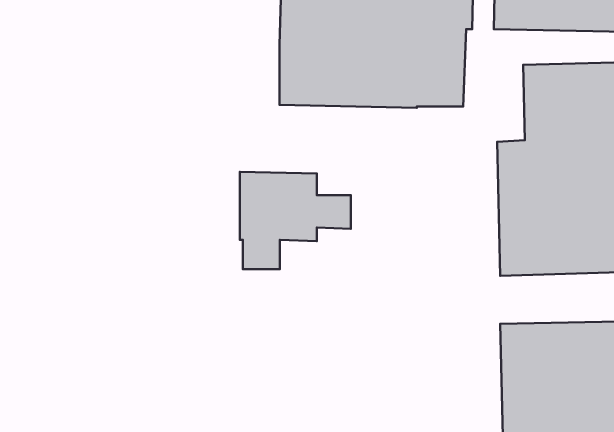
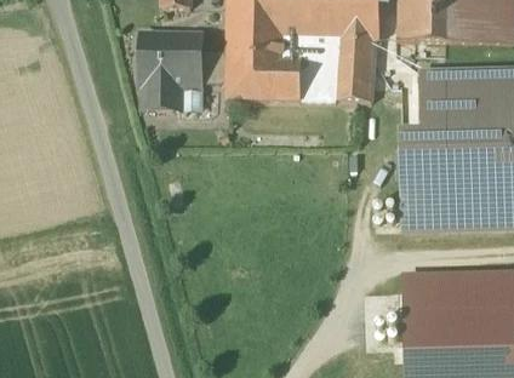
building: [240,172,351,269] -> [142,33,229,109]

